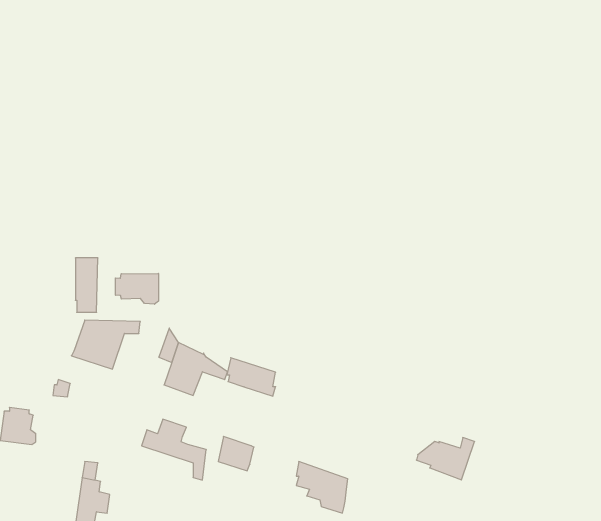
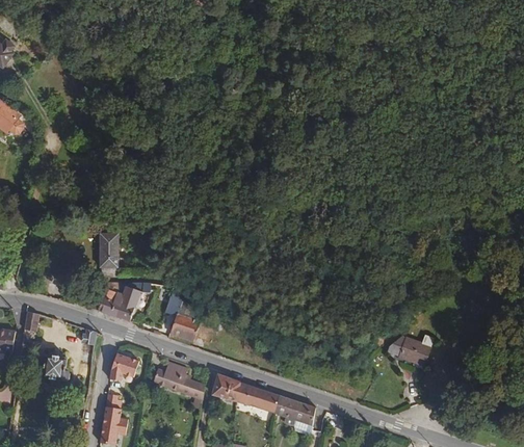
building: [115,273,158,304] -> none
building: [227,358,276,396] -> [237,383,276,413]
building: none -> [109,352,138,382]
building: [416,438,475,480] -> [386,334,431,367]

